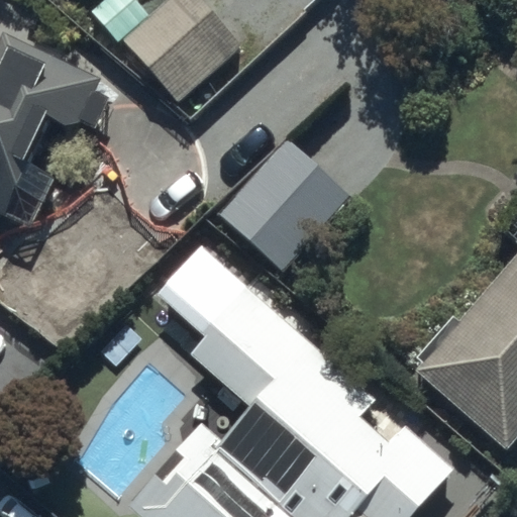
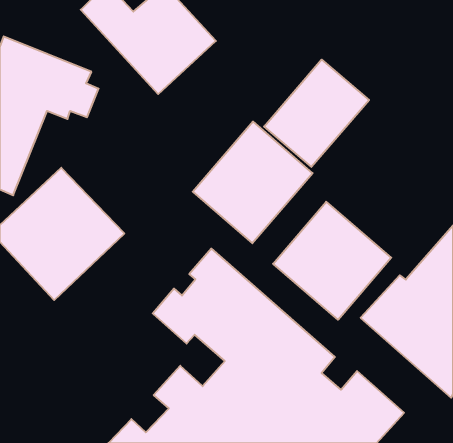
building: none -> [264,60,369,167]
building: none -> [273,202,391,320]

